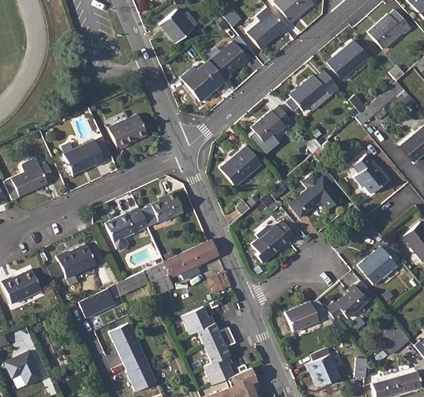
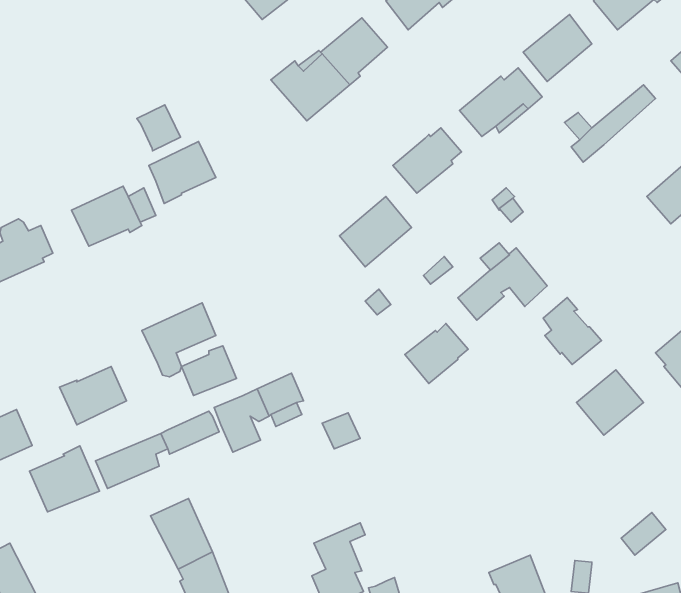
building: none -> [137,105,181,151]
building: [353,154,387,193] -> [543,298,601,365]
building: [151,192,183,221] -> [181,346,236,396]
building: [192,239,219,264] -> none
building: [326,284,368,321] -> none
building: none -> [30,446,99,512]
building: [285,301,319,332] -> none
building: [181,306,232,347] -> none

